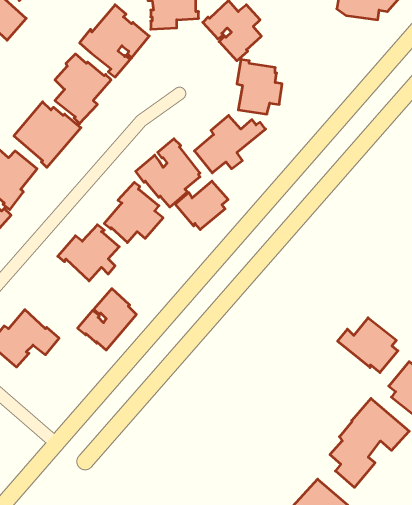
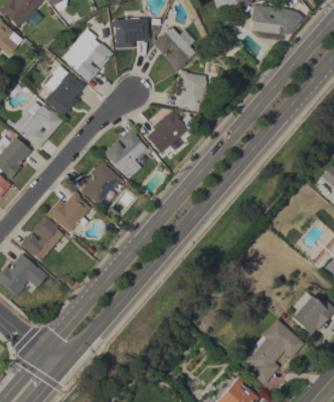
building: [175,181,228,230] -> none
building: [78,289,136,350] -> [20,215,63,260]
building: [338,318,398,373] -> none

